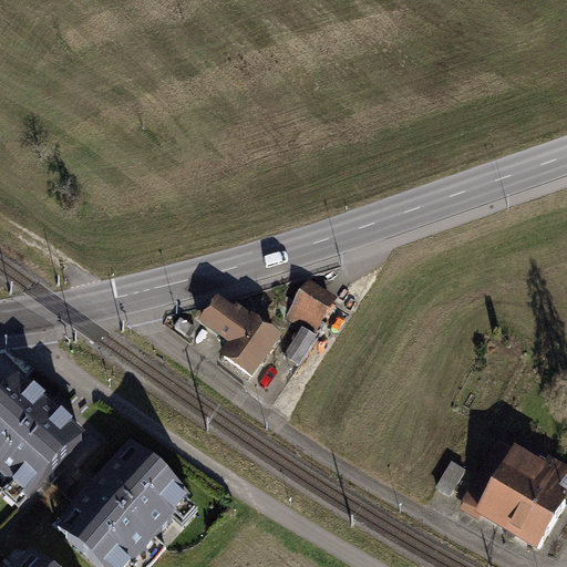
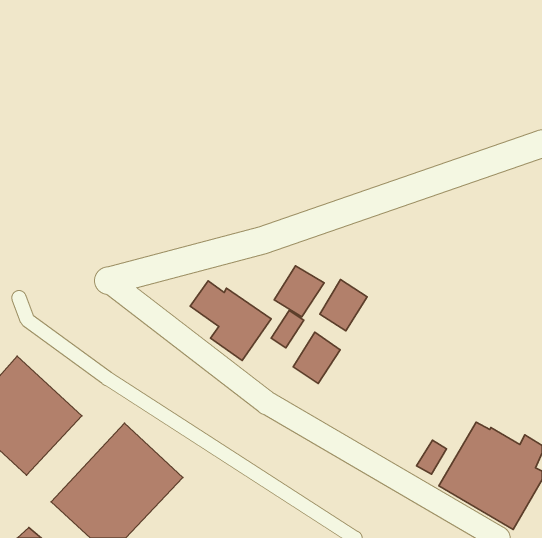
building: none -> [320,279,367,331]
building: none -> [293,332,340,384]

